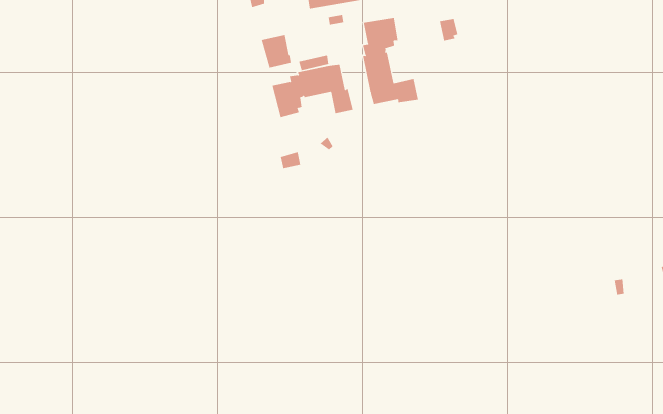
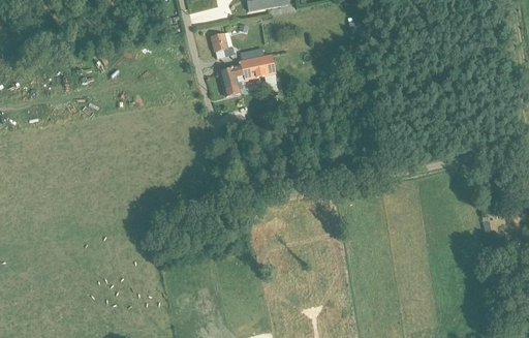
building: [362,17,418,105] -> none

